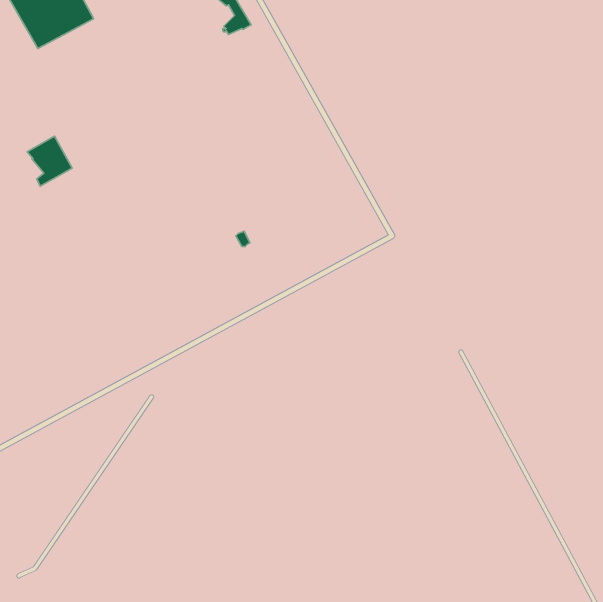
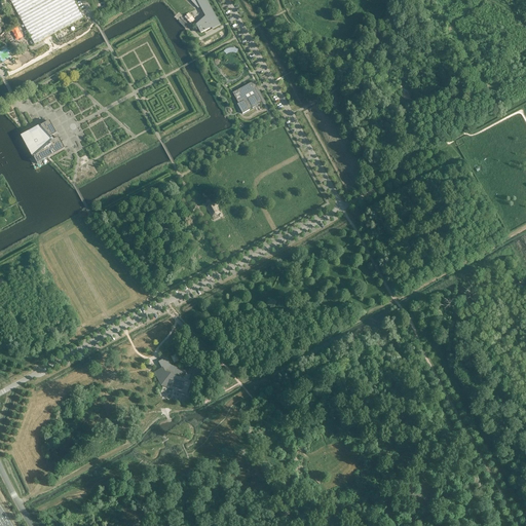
building: none -> [230,79,260,109]
building: none -> [153,354,188,389]

